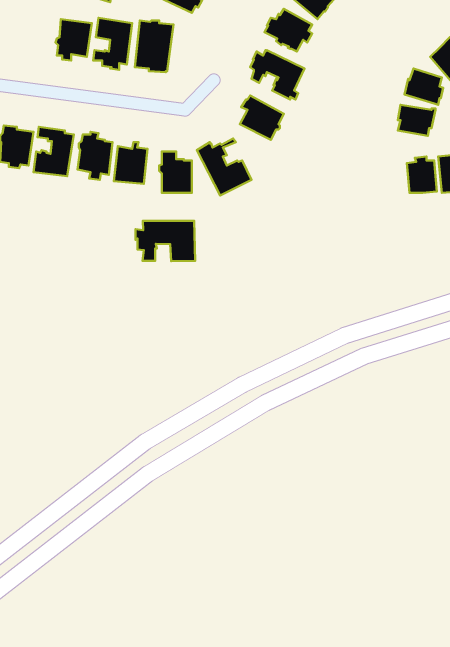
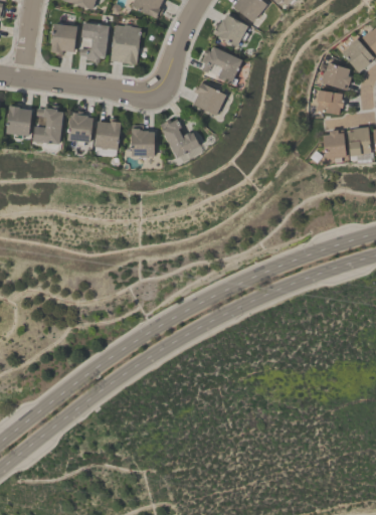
building: [135,221,195,261] -> none

